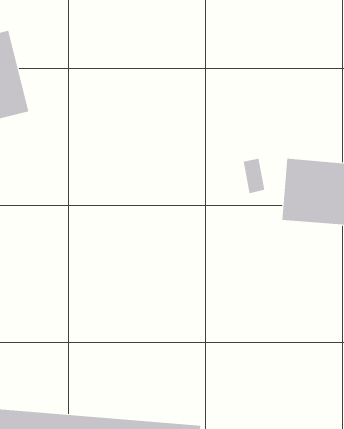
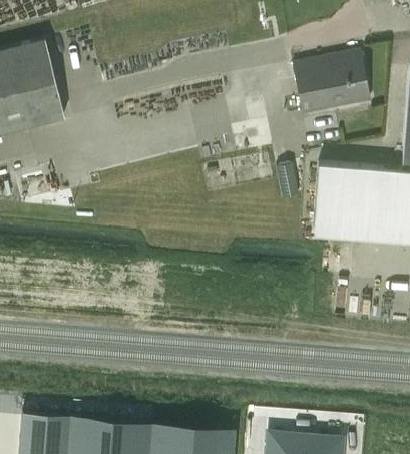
building: none -> [294,52,371,116]

